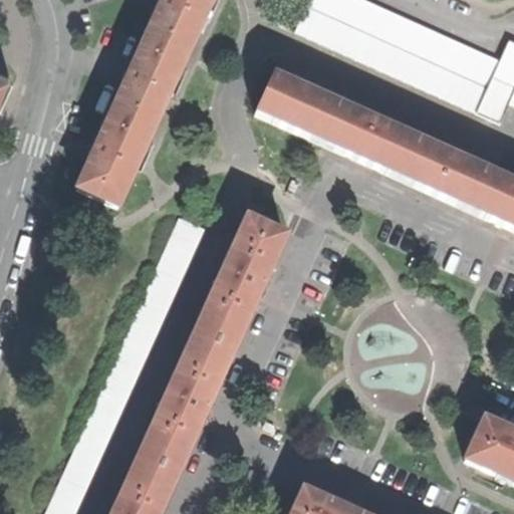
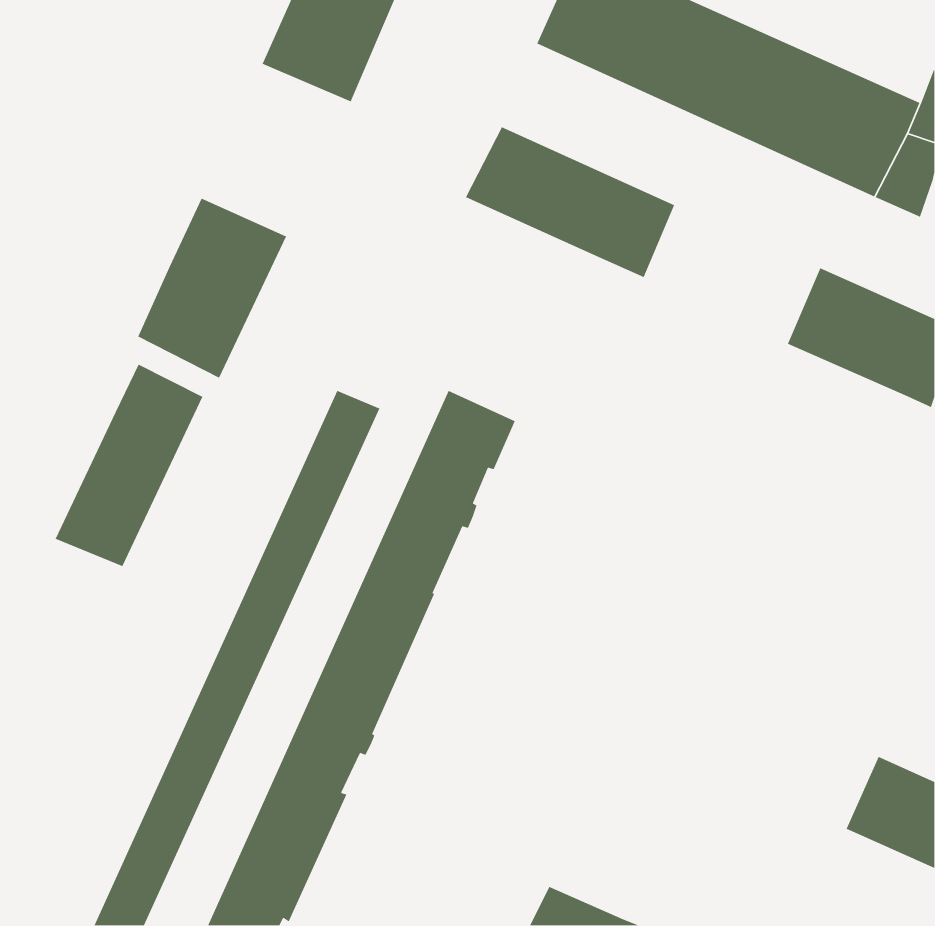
building: [110,35,193,130] -> none
building: [353,112,450,189] -> none
building: none -> [55,364,204,567]

